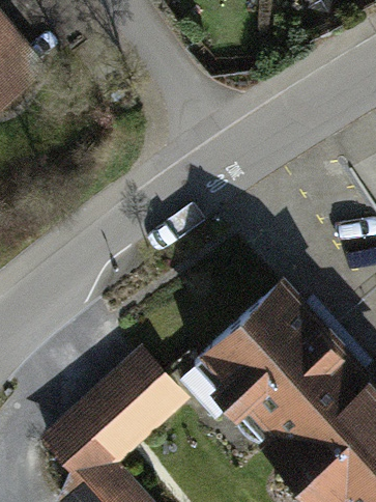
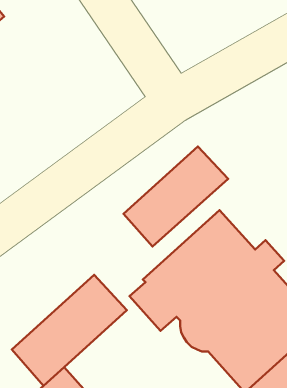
building: none -> [123,147,228,247]

